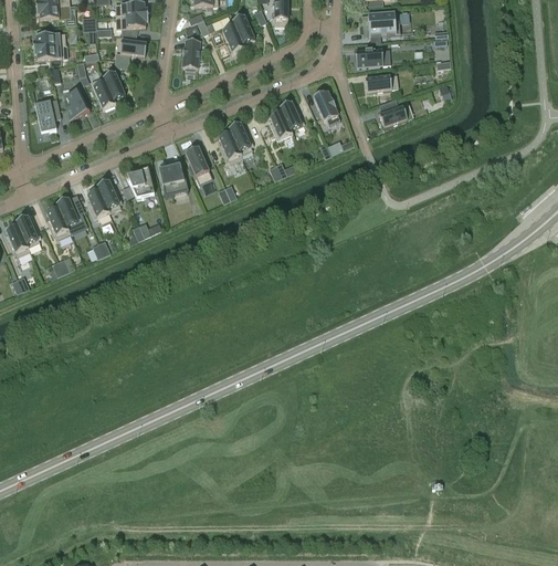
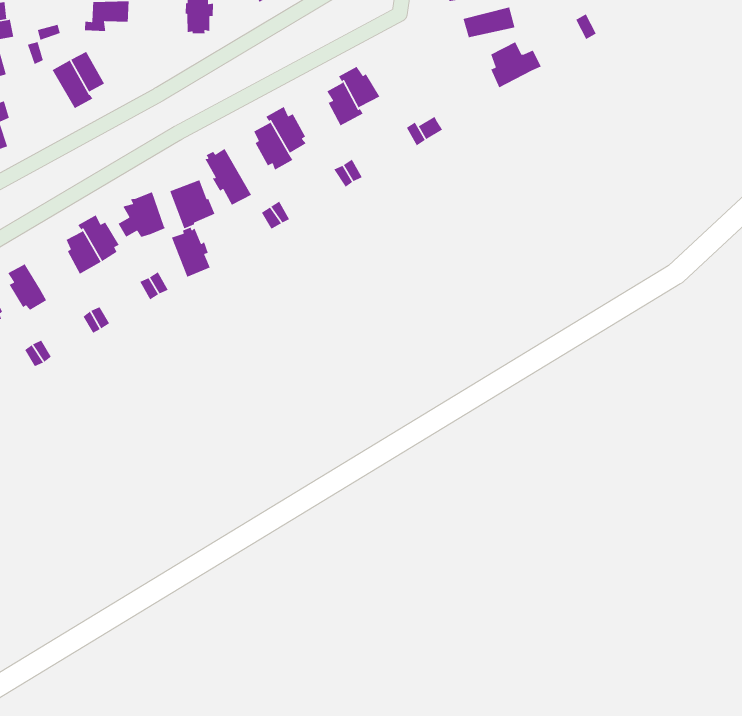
building: [64,88,88,119] -> none
building: [312,90,339,124] -> none
building: none -> [171,227,211,278]
building: [55,197,86,232] -> none

